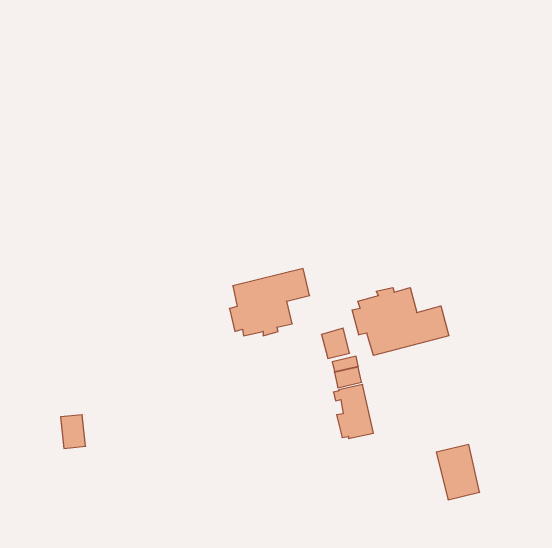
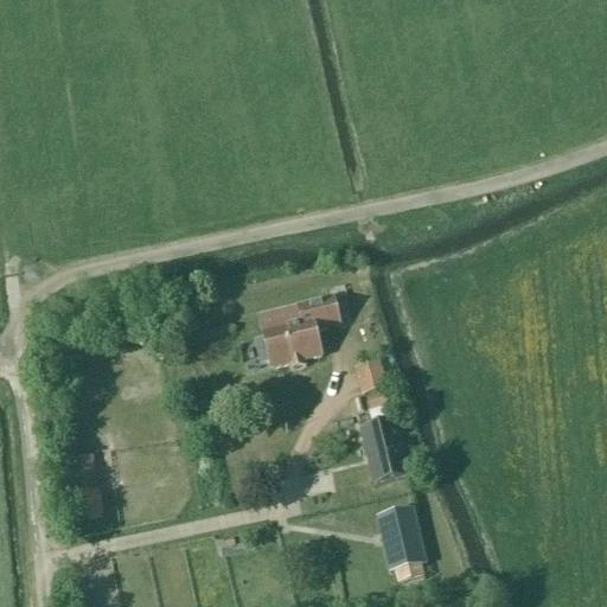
building: [352,288,449,355] -> none
building: [436,445,480,500] -> [378,513,426,574]

